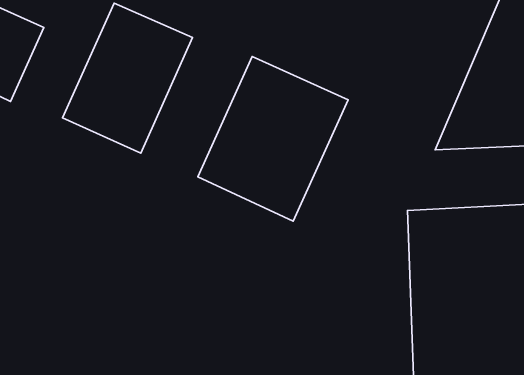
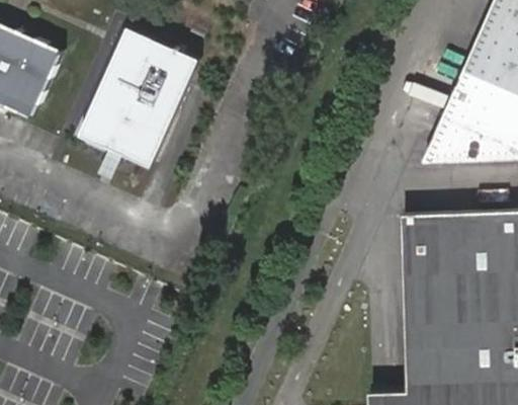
building: [198,56,348,221] -> none

